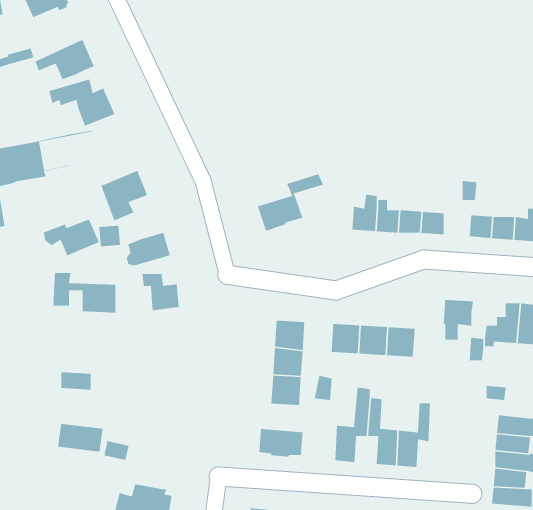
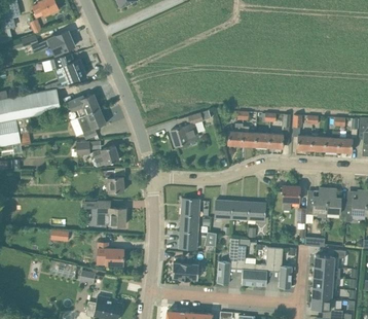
building: [43,218,100,256] -> [66,95,100,117]
building: [53,272,116,313] -> [86,202,124,226]
building: none -> [97,243,123,265]
building: none -> [273,248,292,288]

